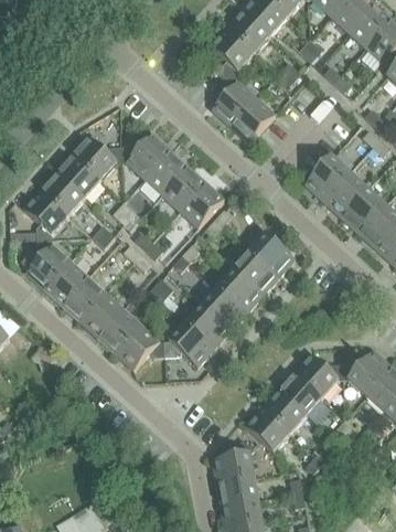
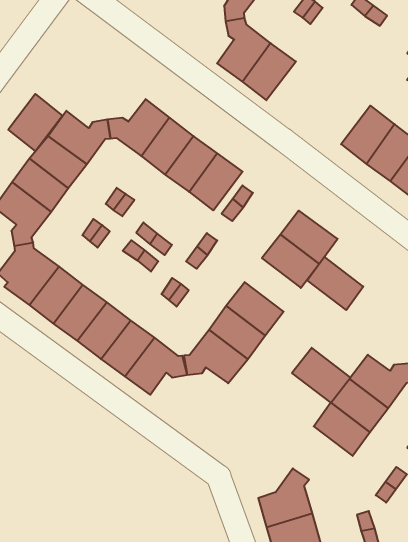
building: none -> [8,94,63,151]
building: [217,269,261,313] -> [307,257,363,310]
building: [244,407,290,453] -> [292,348,351,403]

